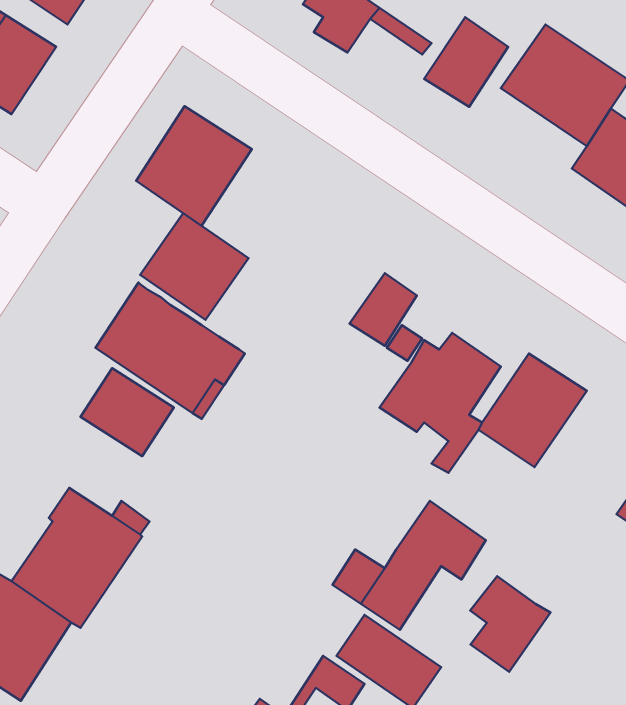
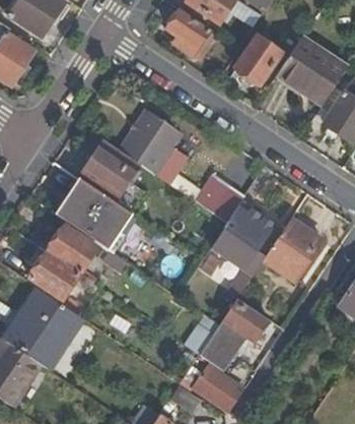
building: [136,106,252,226] -> [120,110,183,175]
building: none -> [29,252,81,300]
building: [470,576,550,672] -> none

